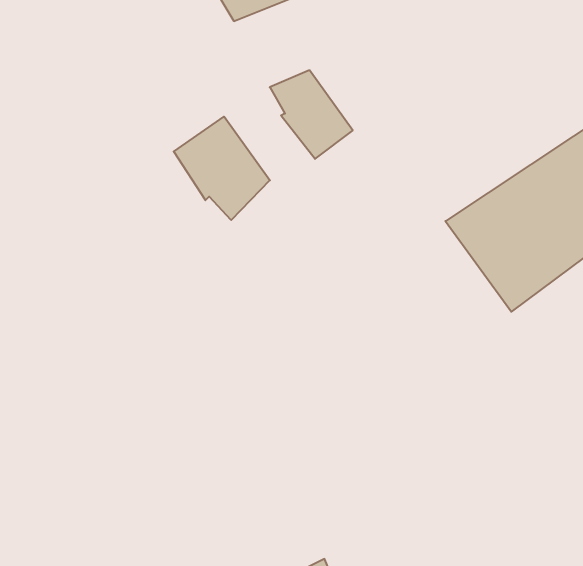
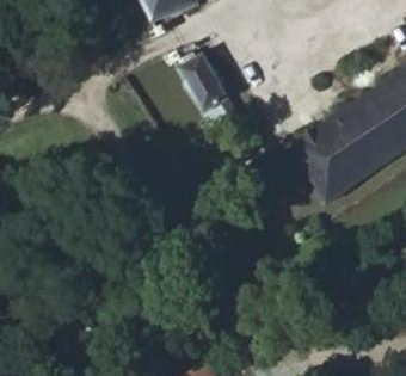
building: [174,117,270,220] -> none

